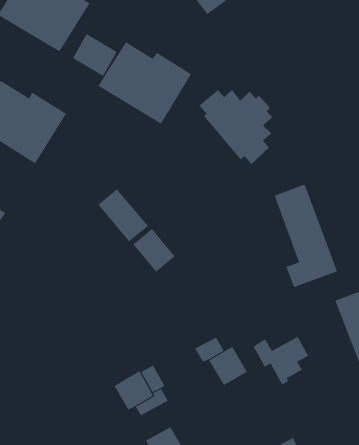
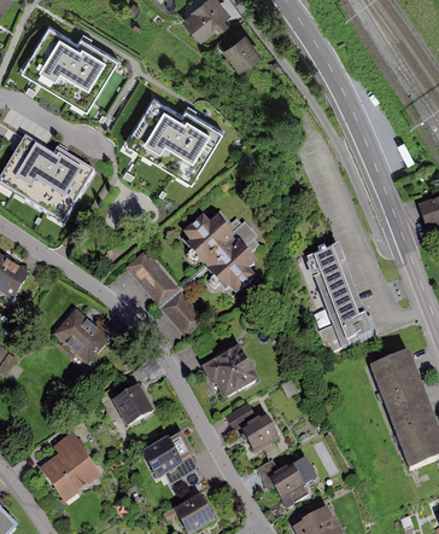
building: [72,33,118,77] -> none
building: [199,89,273,165] -> [182,215,259,294]
building: none -> [53,307,110,364]
building: none -> [200,344,258,399]
building: none -> [111,384,153,426]
building: [253,336,309,385] -> [257,458,315,509]
building: none -> [39,431,101,501]

